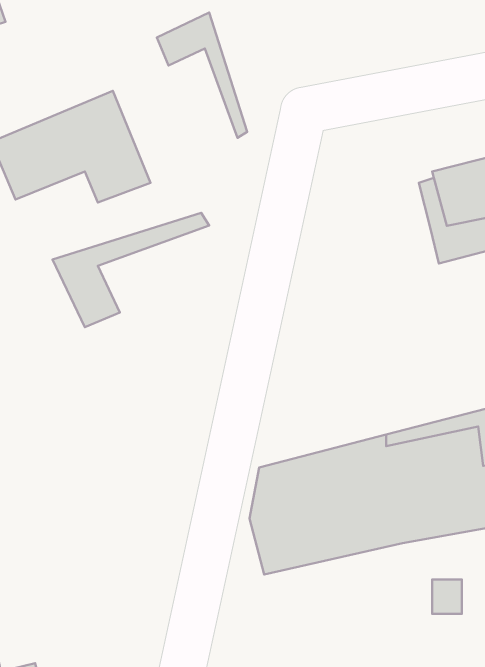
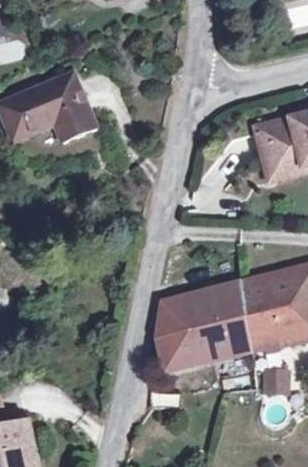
building: [157,12,247,138] -> none
building: [52,213,209,327] -> none

